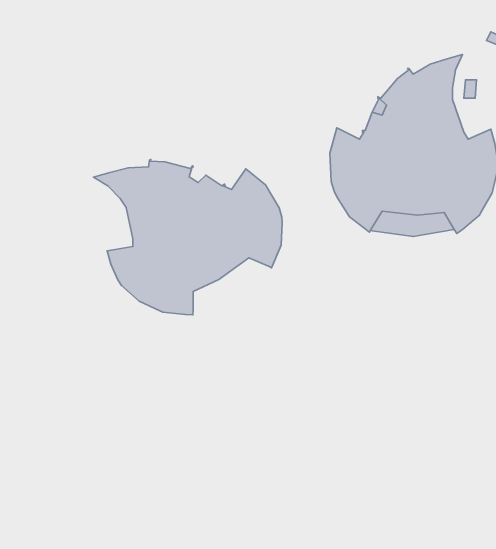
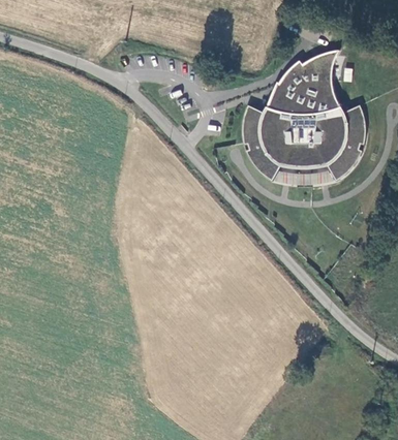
building: [93,159,282,315] -> none

